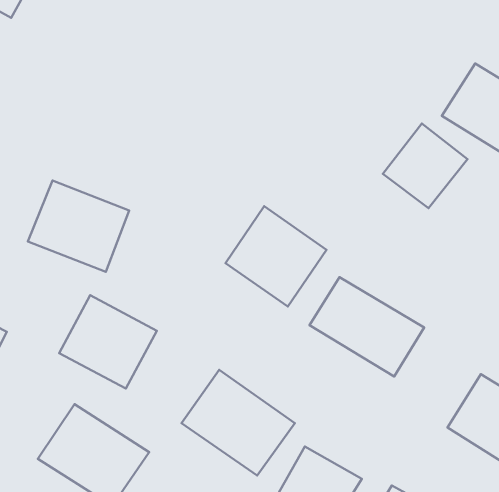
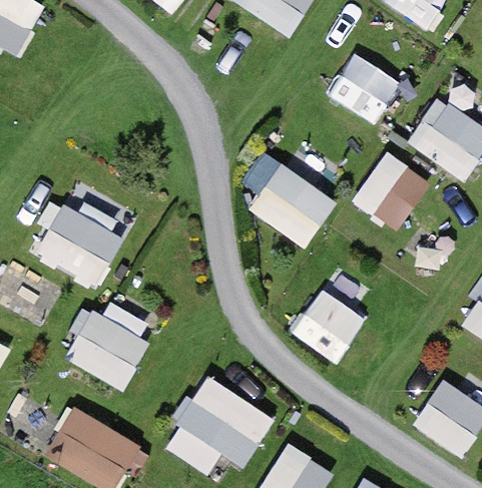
building: none -> [324,50,406,131]
building: [225,206,327,306] -> [248,159,339,250]

